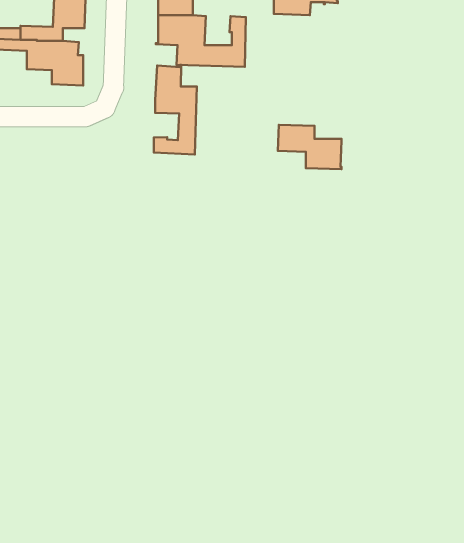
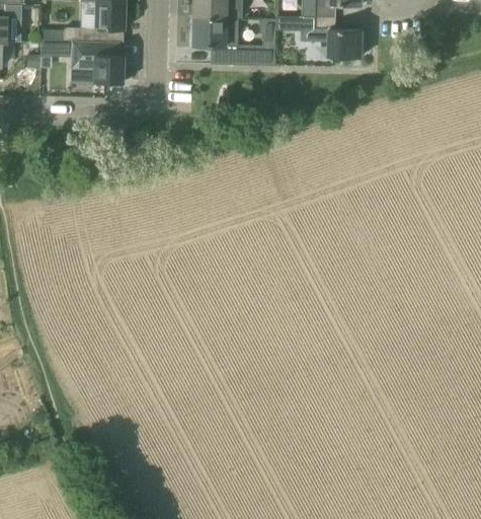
building: [154,65,197,154] -> none
building: [278,125,342,169] -> [300,16,359,58]

